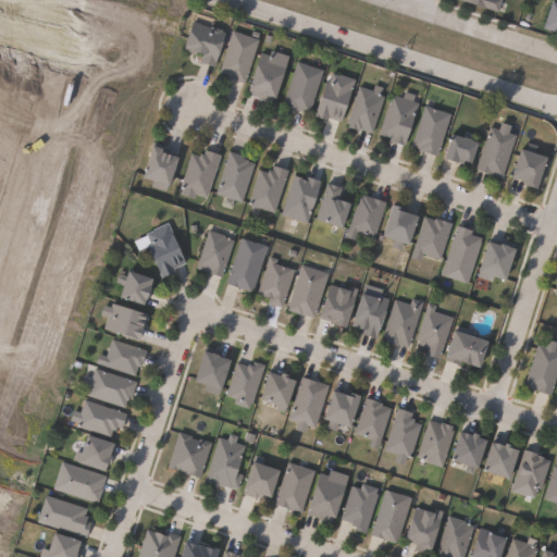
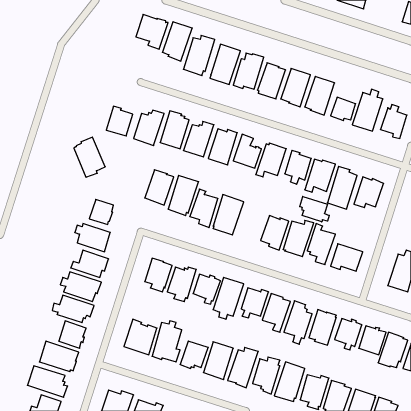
building: [144,222,186,276] -> [74,137,105,177]
building: none -> [300,196,329,222]
building: [320,284,360,326] -> none

